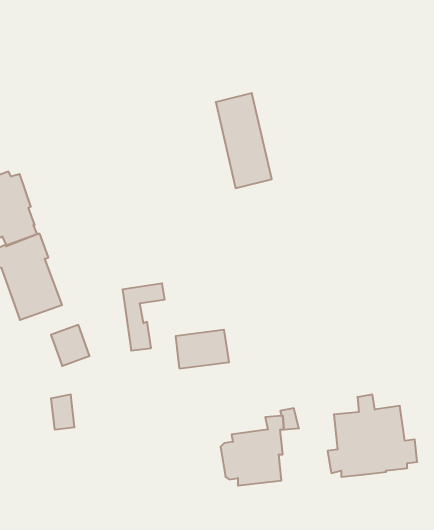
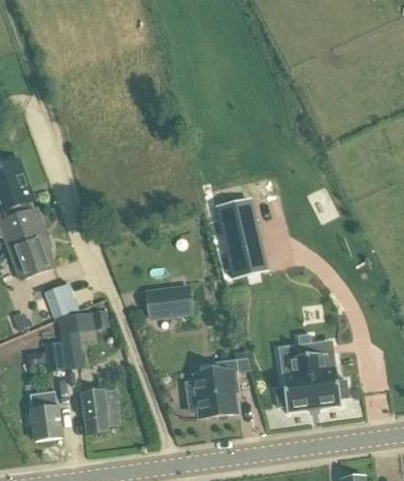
building: [216,93,272,188] -> [217,199,264,278]
building: [122,283,165,351] -> [59,313,94,368]
building: none -> [80,389,122,434]
building: none -> [30,391,62,441]

